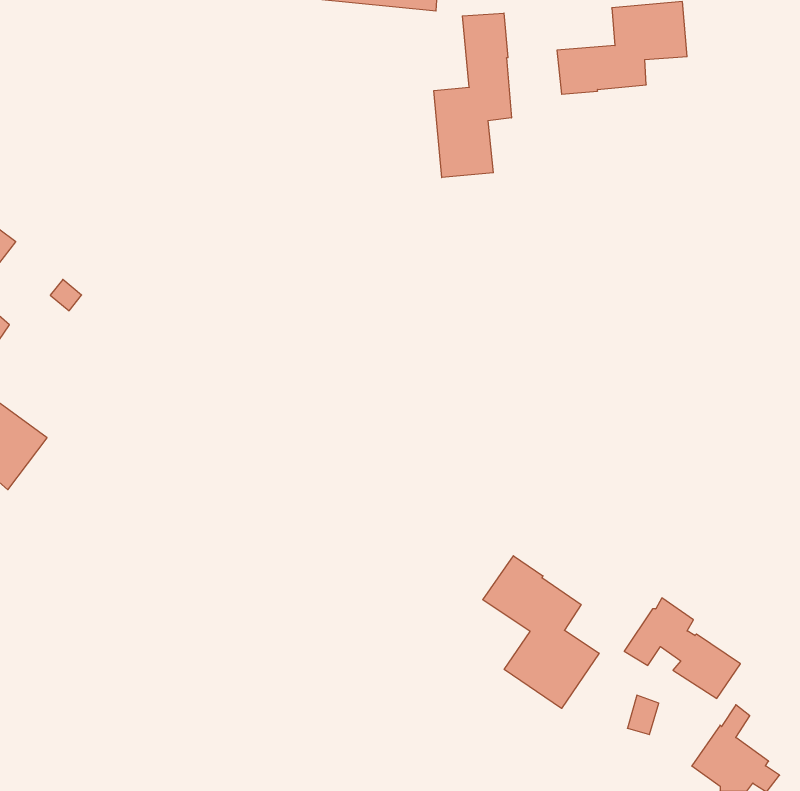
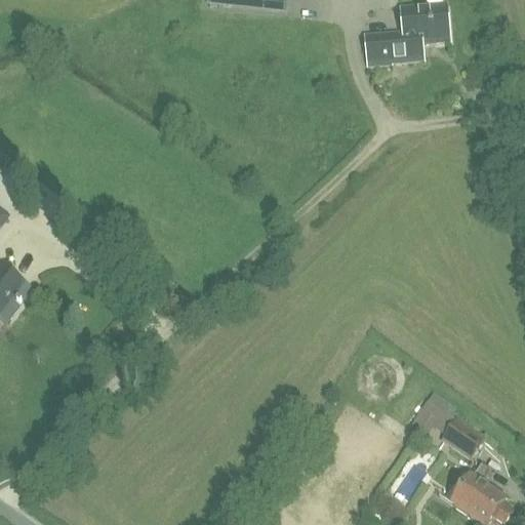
building: [434,13,511,178] -> none
building: [483,556,599,708] -> none

